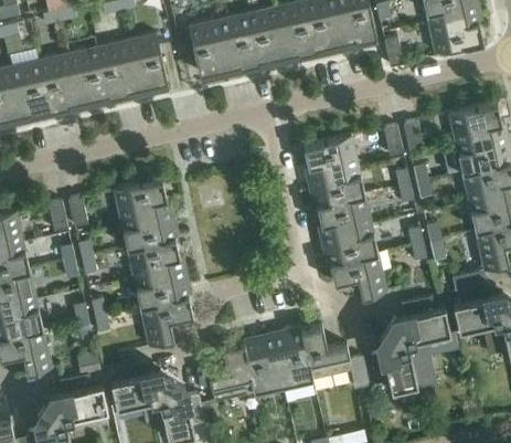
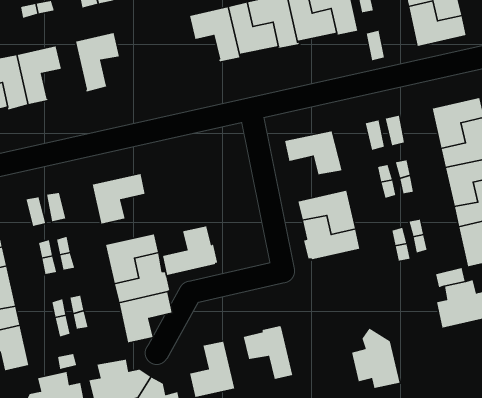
building: [188,22,238,75] -> none
building: [121,34,167,91] -> none
building: [63,48,107,104] -> none
building: [307,161,364,205] -> none
building: [121,199,177,249] -> [162,225,218,276]
building: [329,253,386,298] -> none
building: [386,296,449,387] -> none
building: [300,326,368,389] -> none
building: [243,339,292,391] -> none

